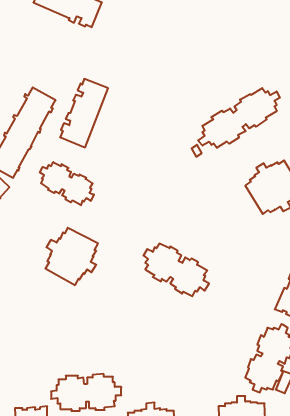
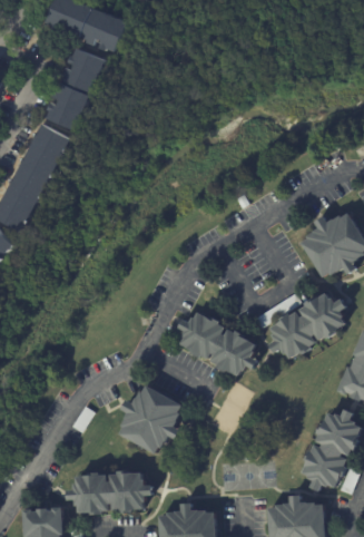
building: [60,79,108,147] -> [49,48,107,130]
building: [198,88,280,148] -> none
building: [40,162,94,205] -> none
building: none -> [266,292,344,358]
building: [45,228,98,285] -> [118,384,181,453]

